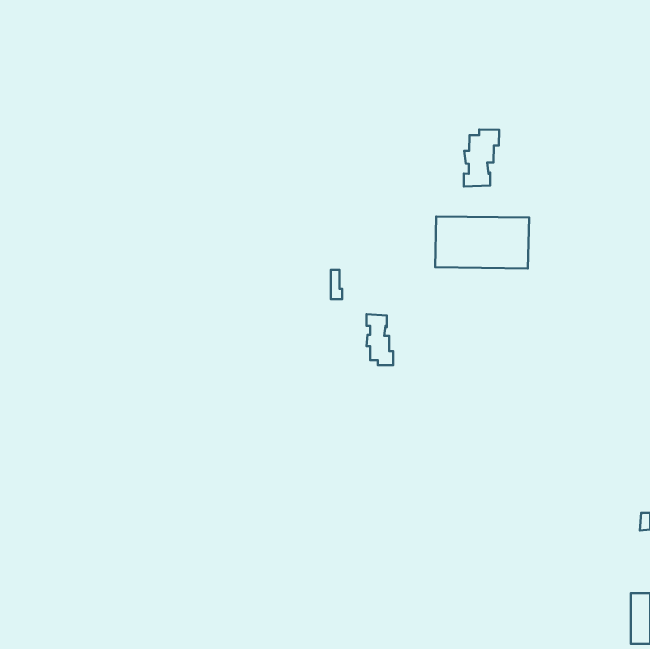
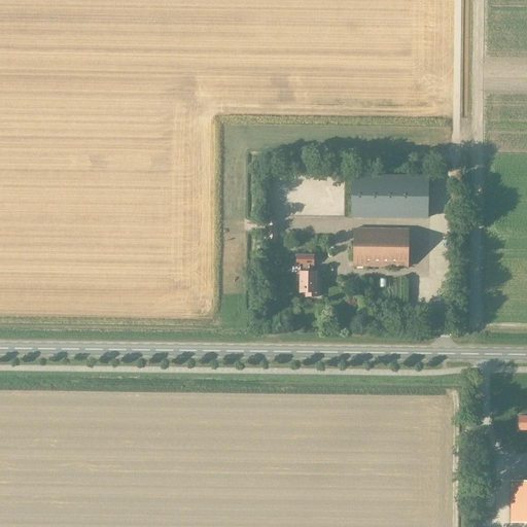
building: [464,130,499,186] -> none
building: none -> [353,227,408,266]

